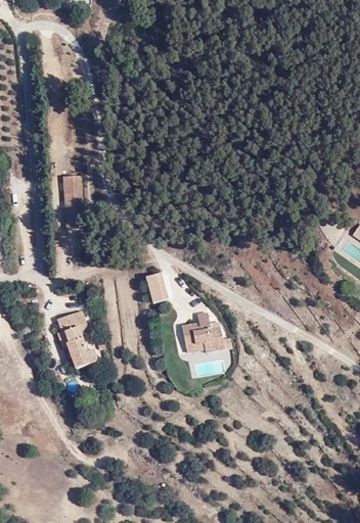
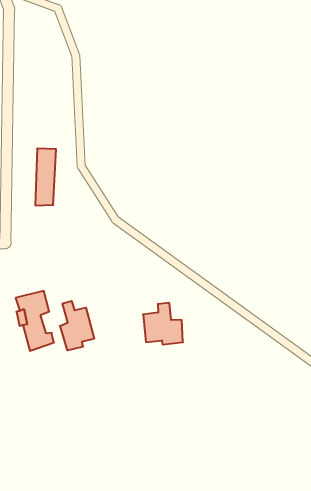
building: [144,274,166,303] -> none
building: none -> [60,301,94,350]

